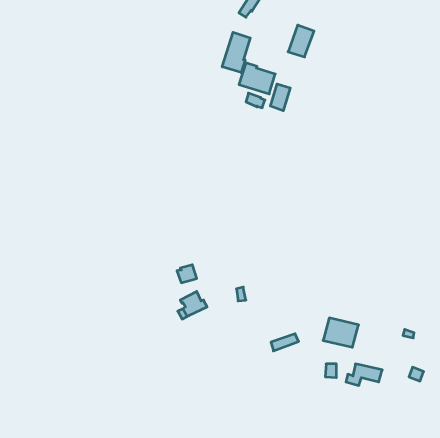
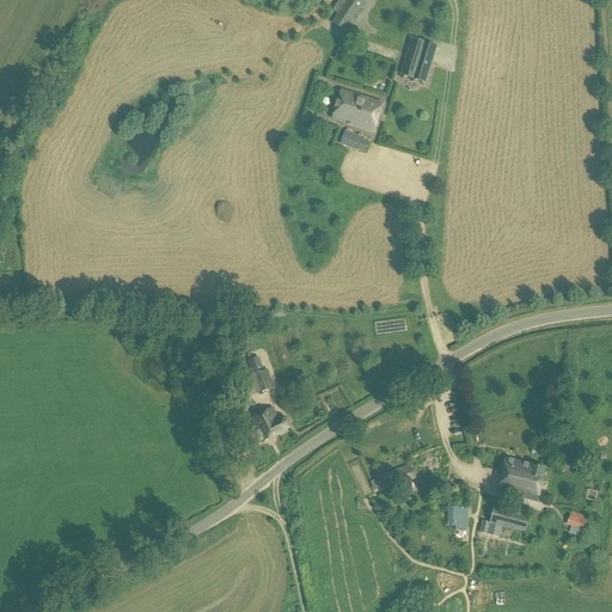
building: [222,32,250,73] -> none
building: [270,84,290,111] -> none
building: [323,318,359,347] -> [496,455,545,496]

